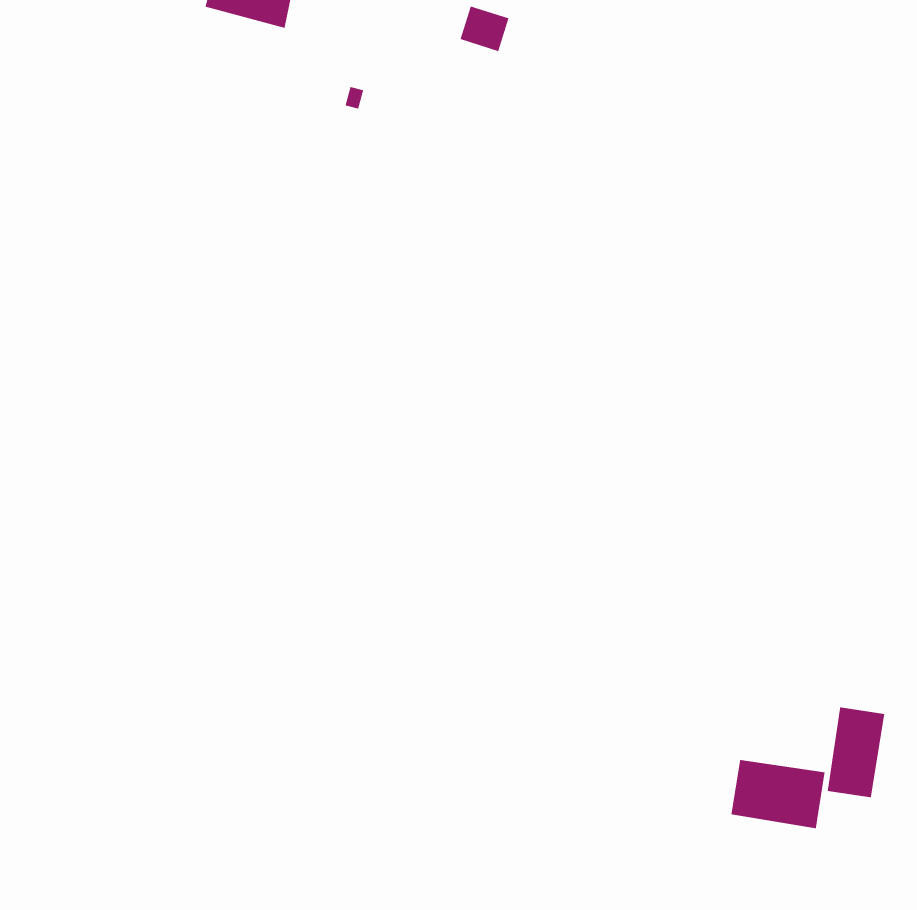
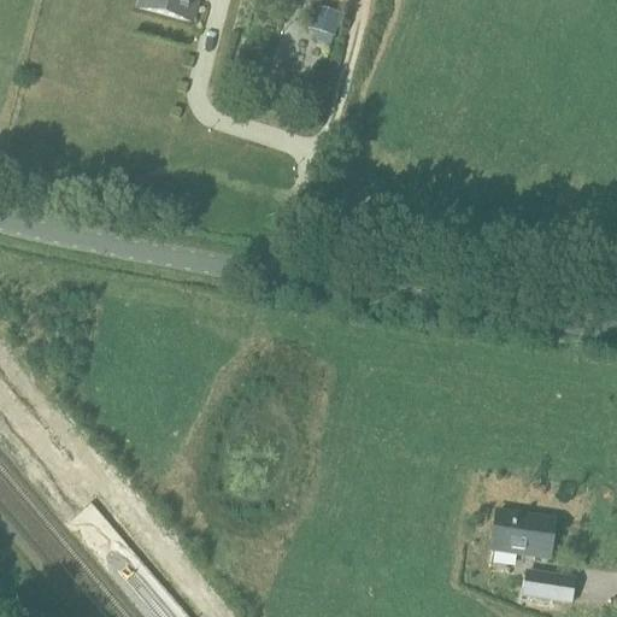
building: [827,706,885,798] -> none
building: none -> [531,570,575,603]

